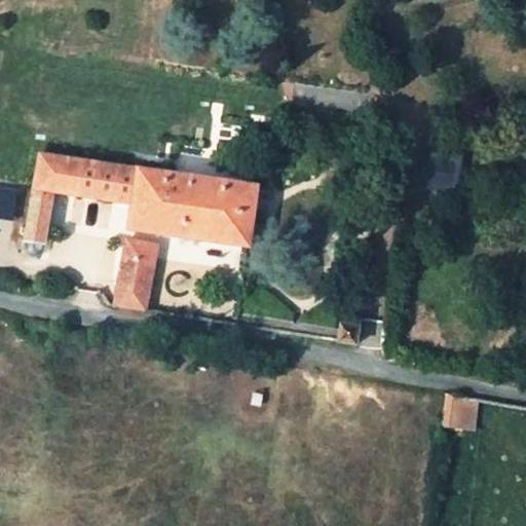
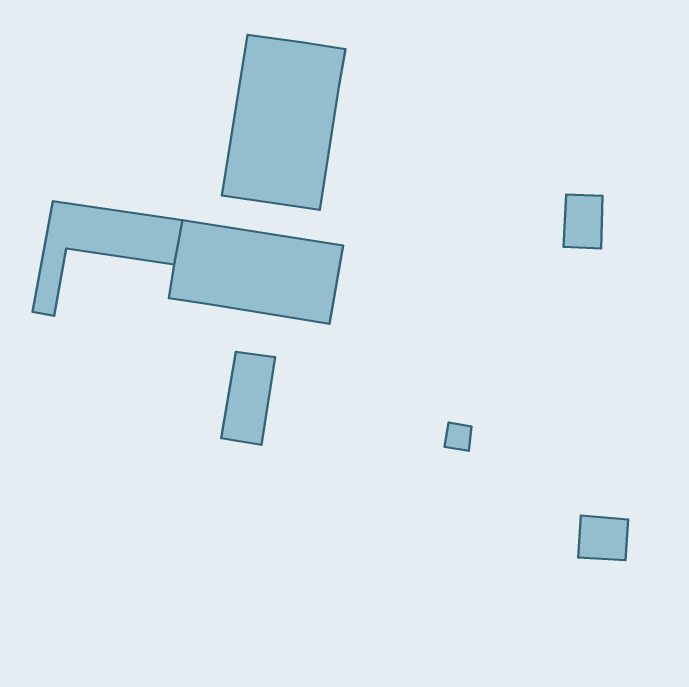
building: none -> [222,35,346,210]
building: [115,237,156,308] -> [221,352,275,445]

